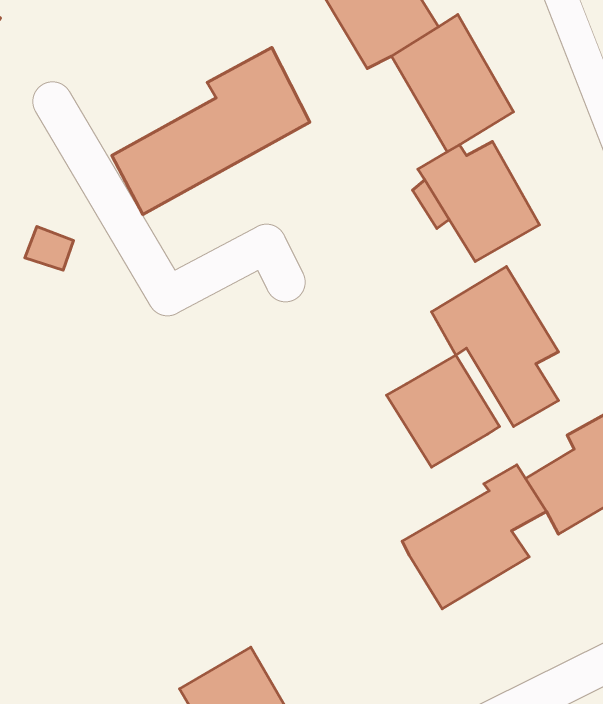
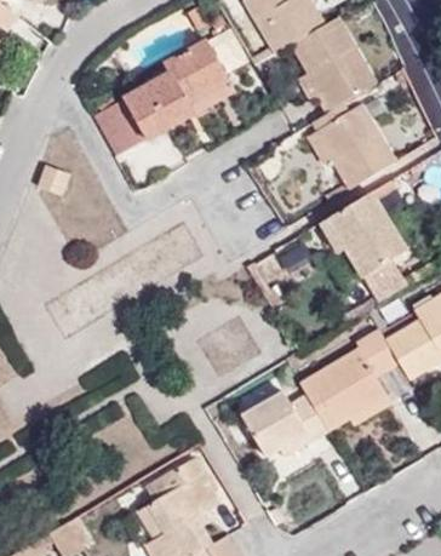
building: [386,355,500,467] -> none
building: none -> [240,391,326,458]

